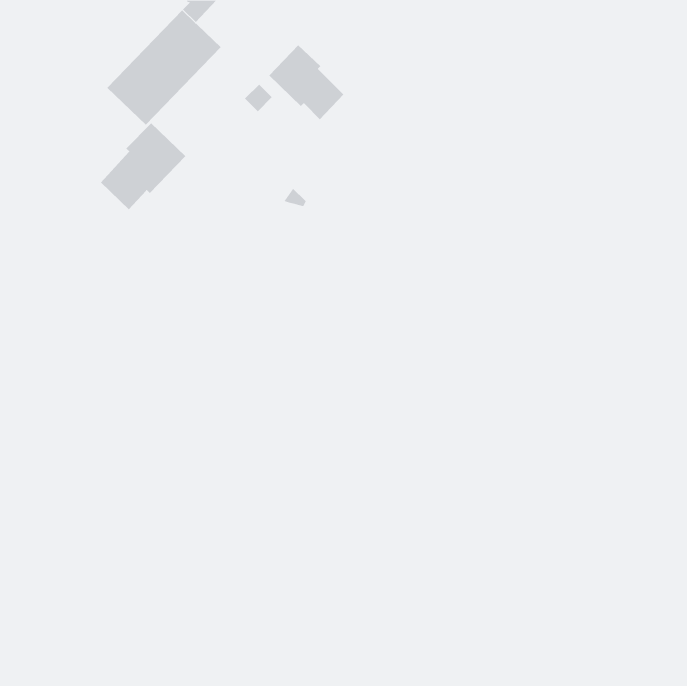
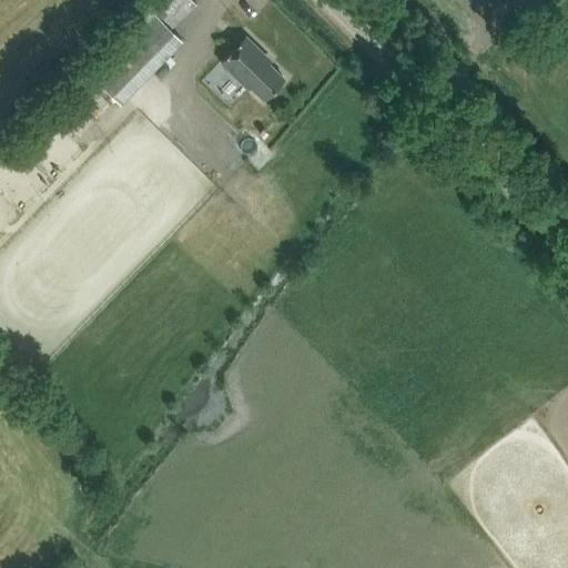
building: [100,122,186,210] -> none

